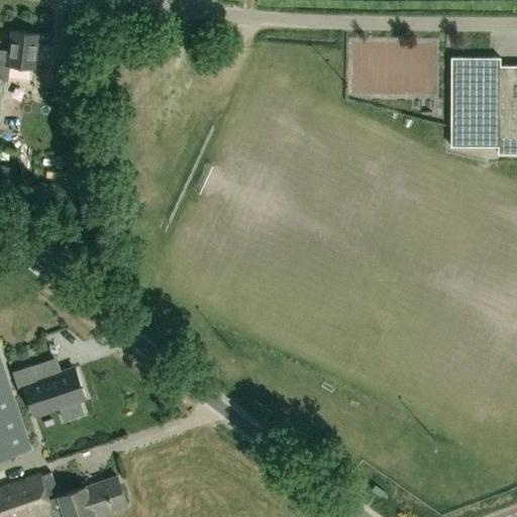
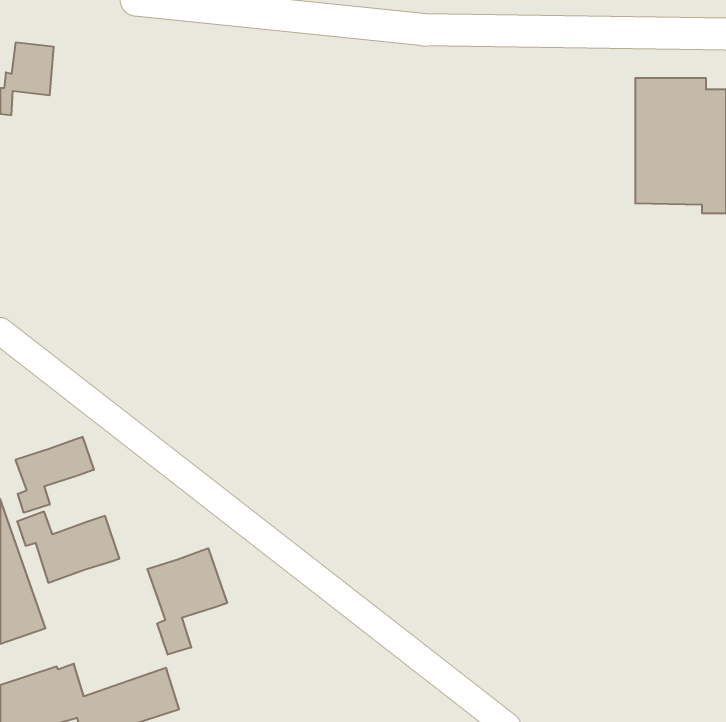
building: none -> [16,437,94,513]
building: none -> [147,548,227,655]

